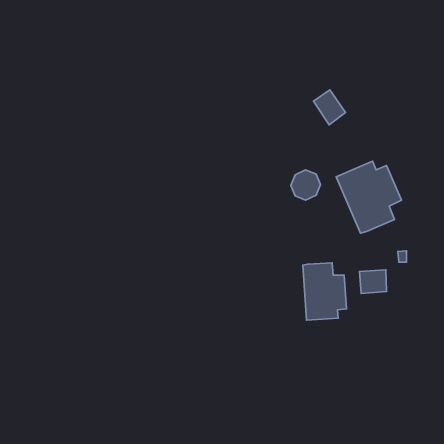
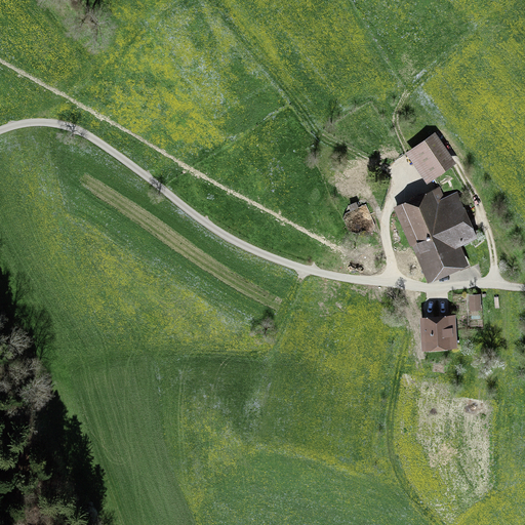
building: [313,90,346,125] -> [412,137,450,178]
building: [303,263,347,320] -> none

